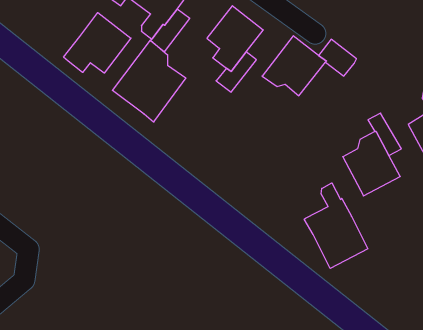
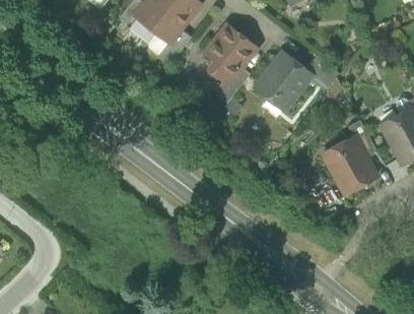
building: [64,13,131,73] -> none
building: [112,40,186,122] -> none
building: [304,183,368,268] -> none

